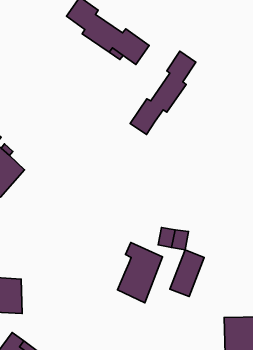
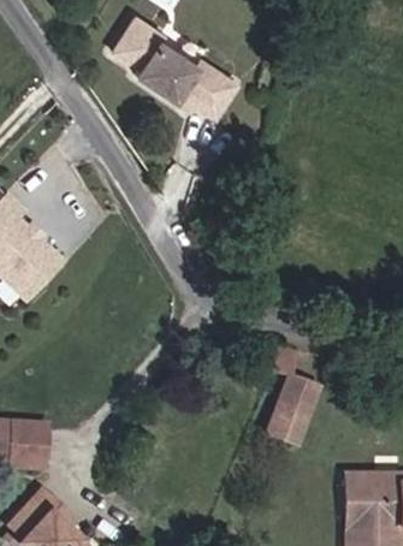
building: [130,51,196,134] -> none
building: [117,242,163,303] -> none

